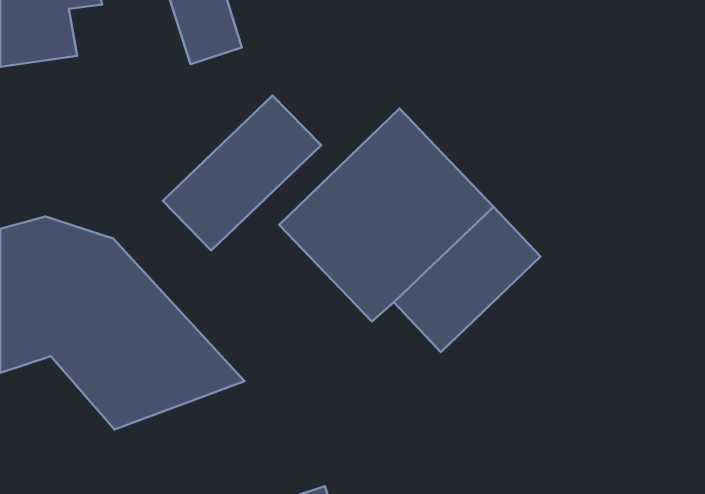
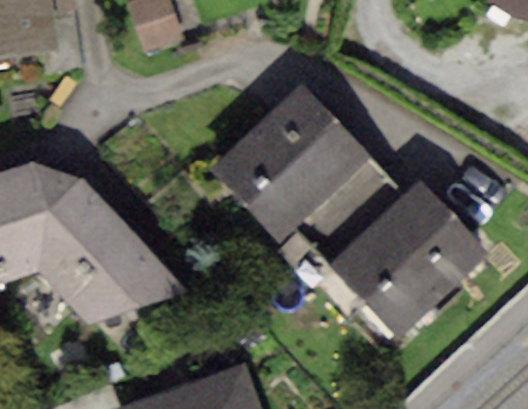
building: [163,95,321,251] -> none
building: none -> [330,181,487,336]

